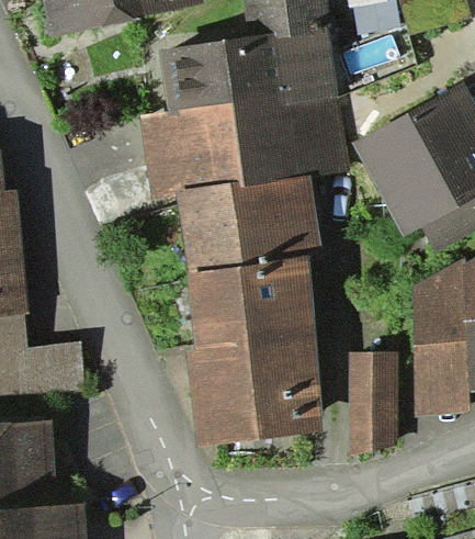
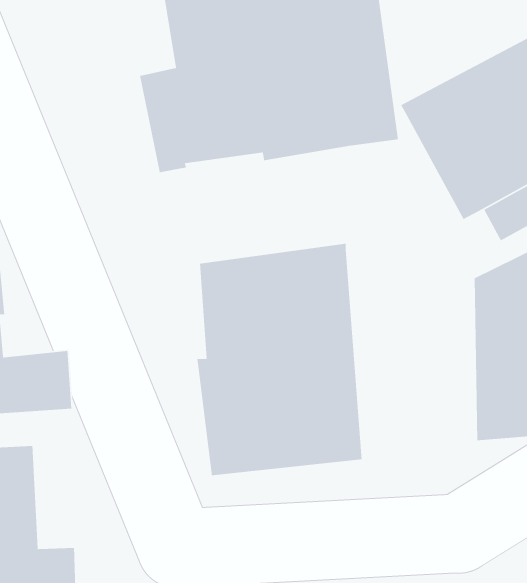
building: [177,176,325,271] -> none
building: [349,352,397,457] -> none

